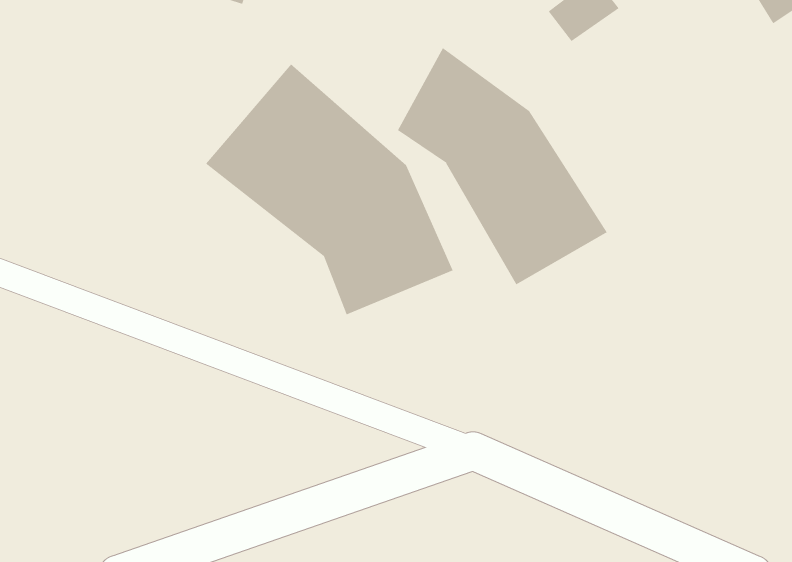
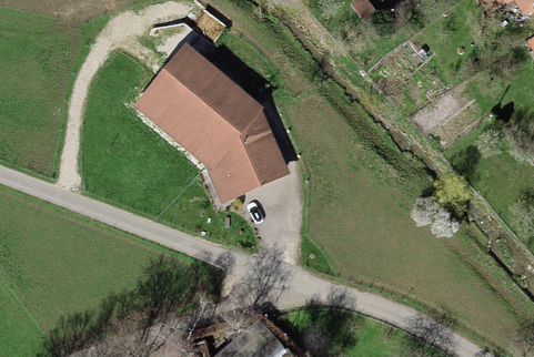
building: [397,47,608,285] -> none

